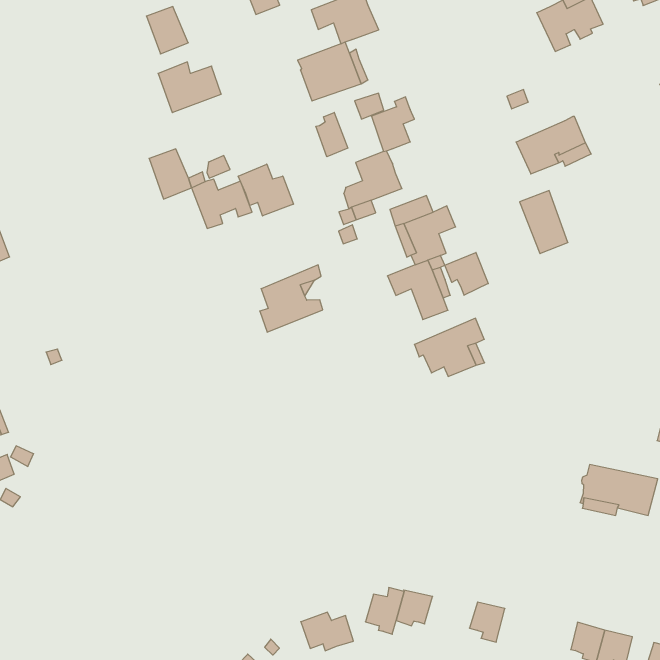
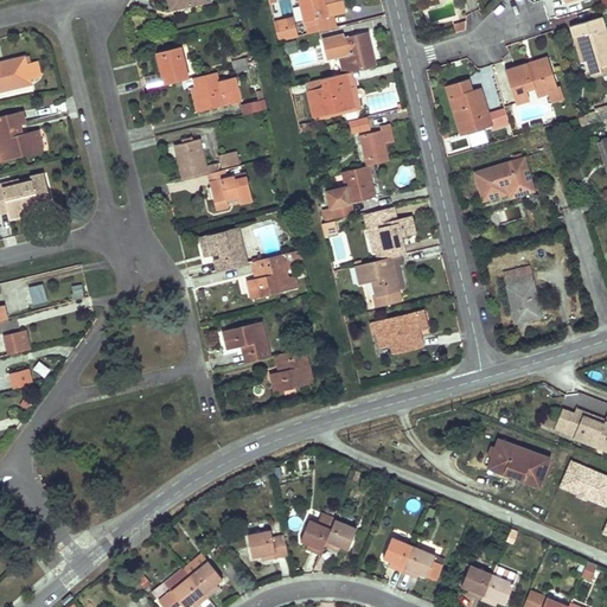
building: [146,7,188,54] -> [156,47,187,84]
building: none -> [446,79,490,134]
building: [316,112,348,157] -> none
building: [238,164,293,216] -> none
building: [520,191,568,254] -> [504,271,538,321]
building: none -> [200,229,245,270]
building: [445,252,488,295] -> none
building: none -> [222,322,269,363]
building: none -> [270,349,312,391]
building: none -> [402,547,441,581]

